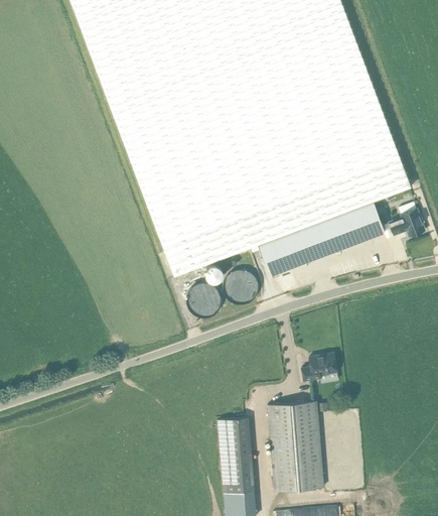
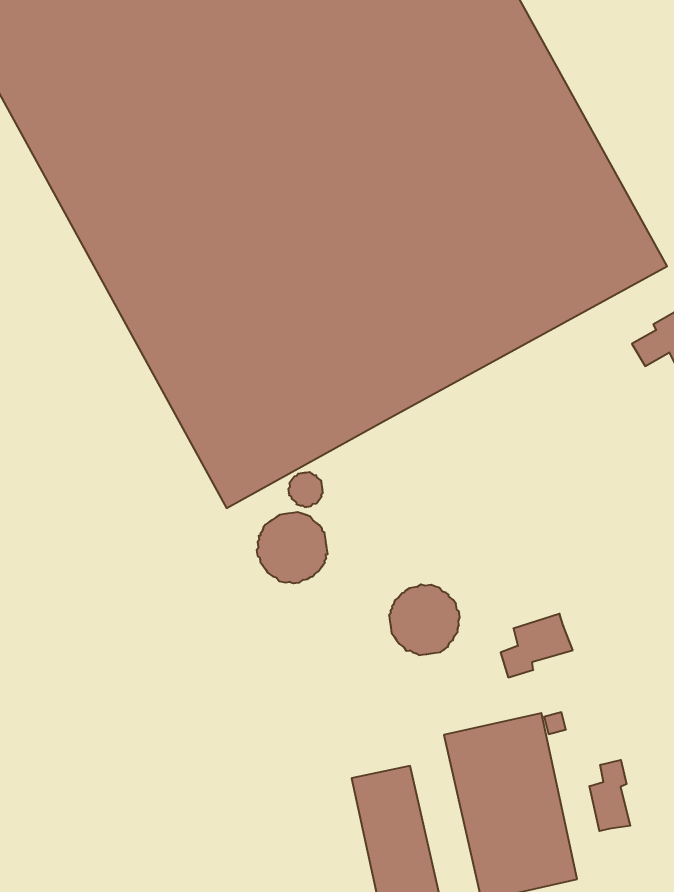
building: [259,201,385,274] -> none
building: [224,268,259,303] -> [389,584,460,655]
building: none -> [589,760,630,831]

